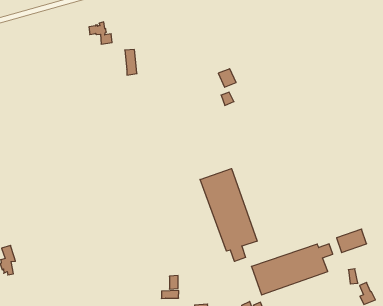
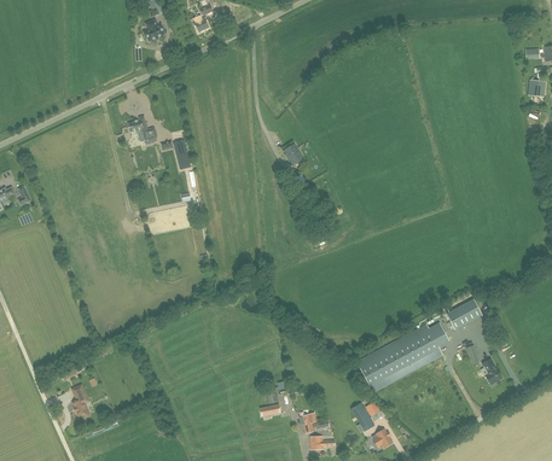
building: [200,169,257,261] -> none

